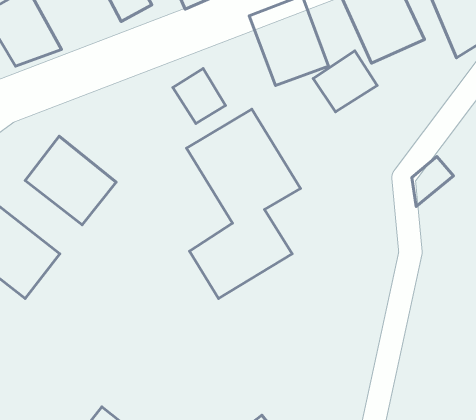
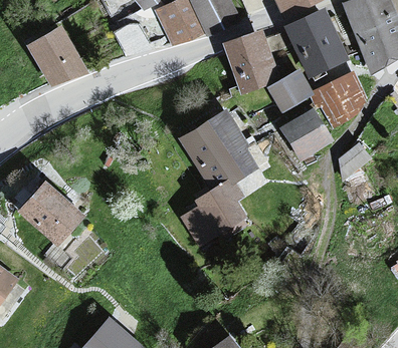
building: none -> [313,71,372,127]
building: [173,69,226,123] -> none
building: none -> [278,107,333,160]
building: [25,136,116,225] -> none

